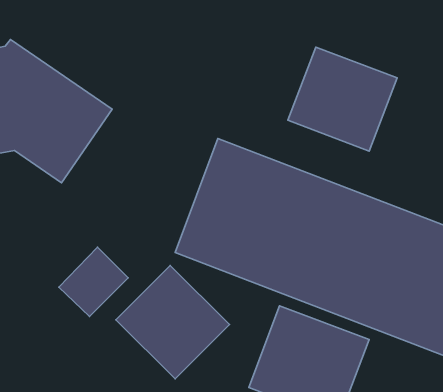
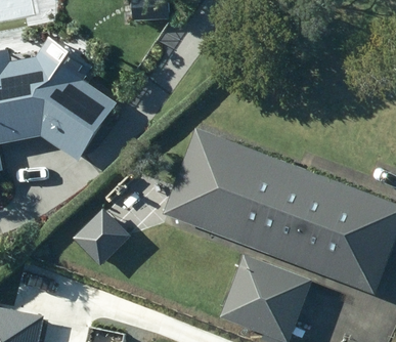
building: [288,47,397,151] -> none
building: [116,265,230,379] -> none

